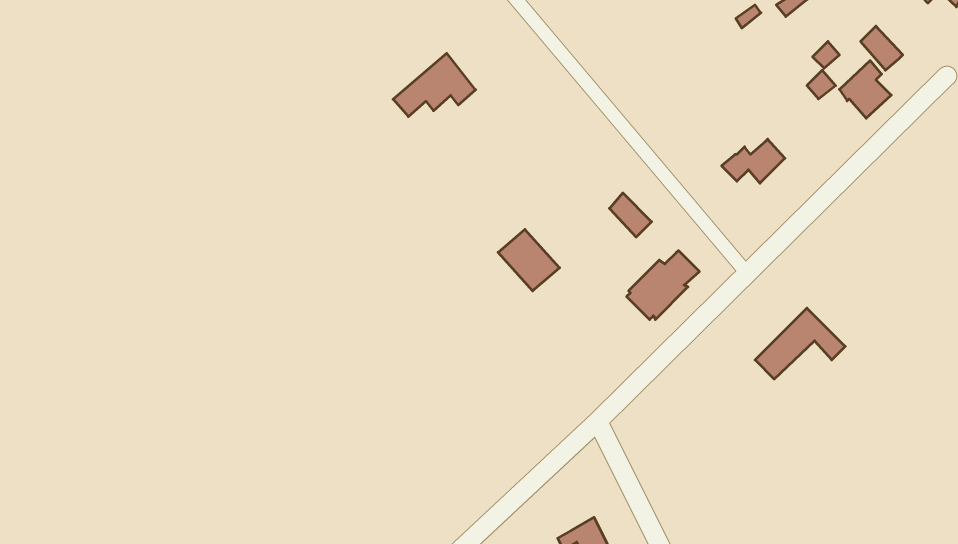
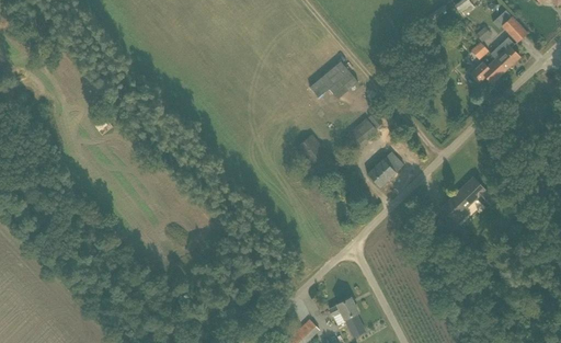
building: [393,53,476,117] -> [310,59,357,95]
building: [722,139,785,183] -> [470,58,506,83]

